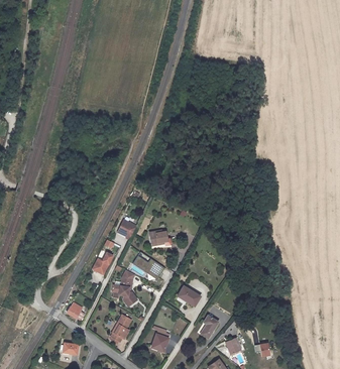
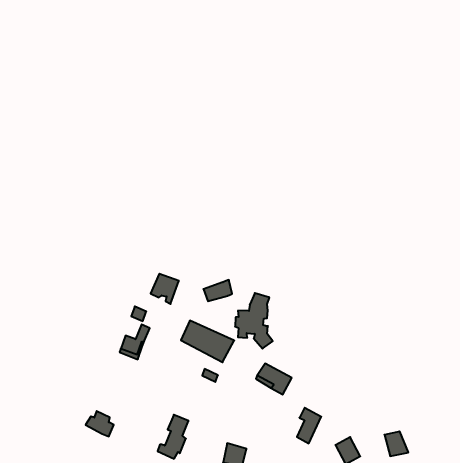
building: [112,269,136,305] -> [235,293,273,349]

